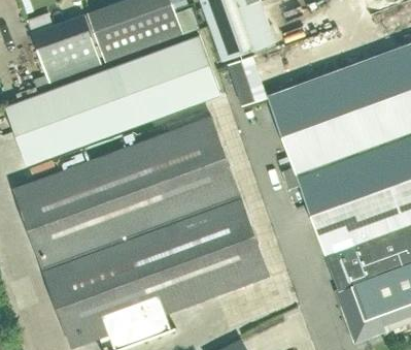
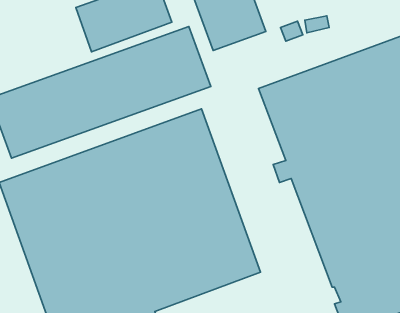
building: [32,14,100,79] -> none

